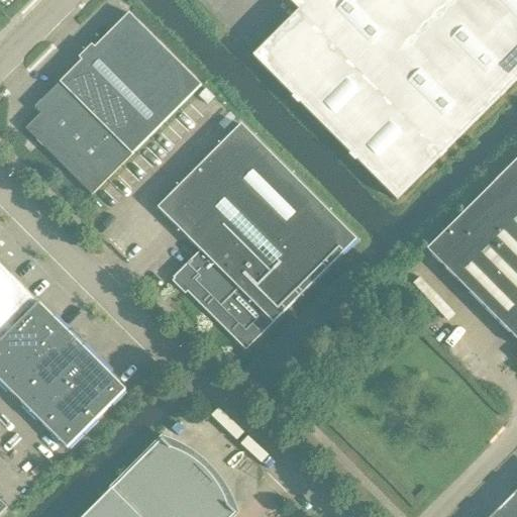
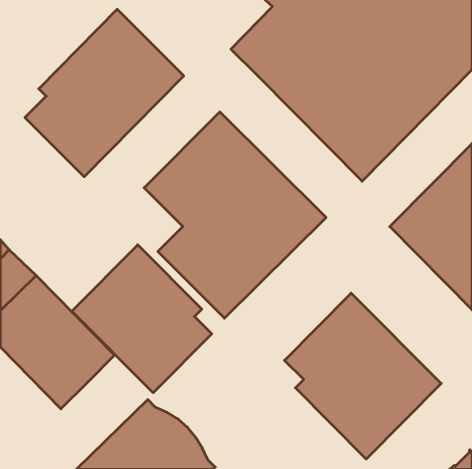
building: none -> [72,245,212,393]
building: none -> [284,293,441,459]

